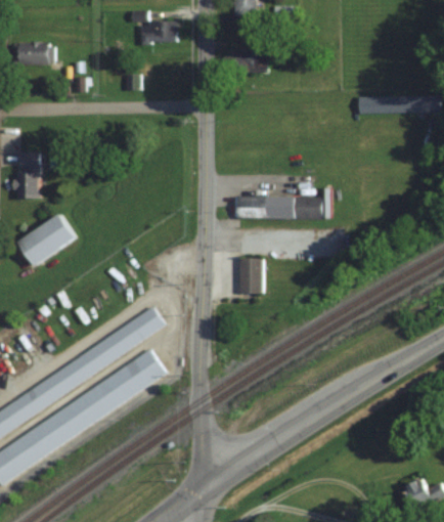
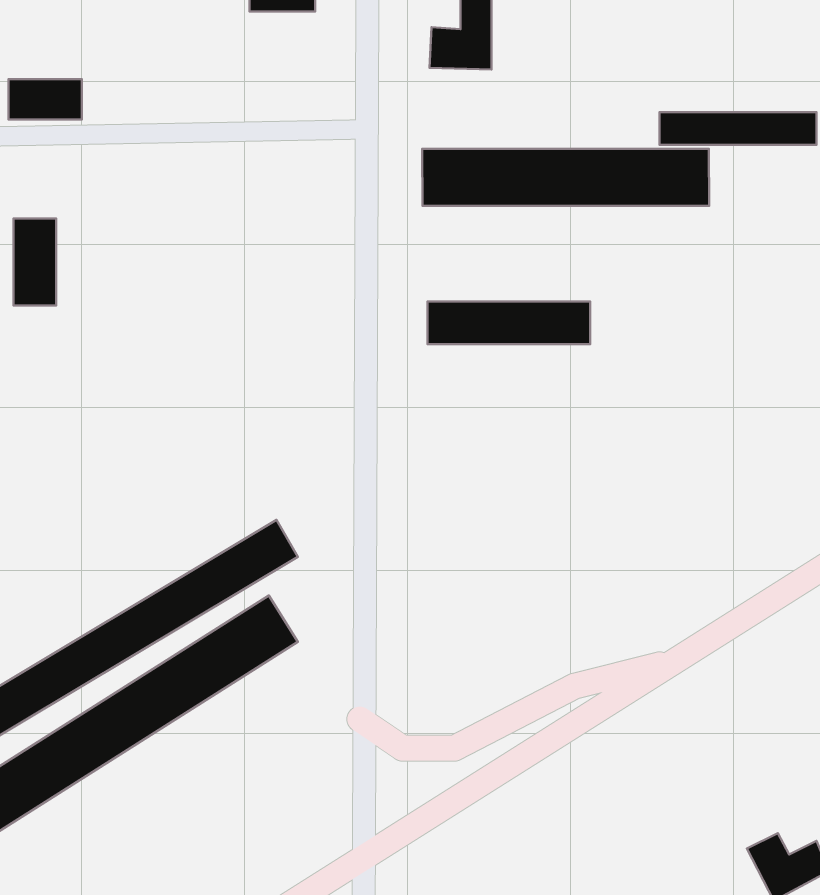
building: [15,42,54,63] -> [8,79,82,120]
building: none -> [422,149,709,206]
building: [16,215,75,266] -> none
building: [239,259,262,294] -> none

